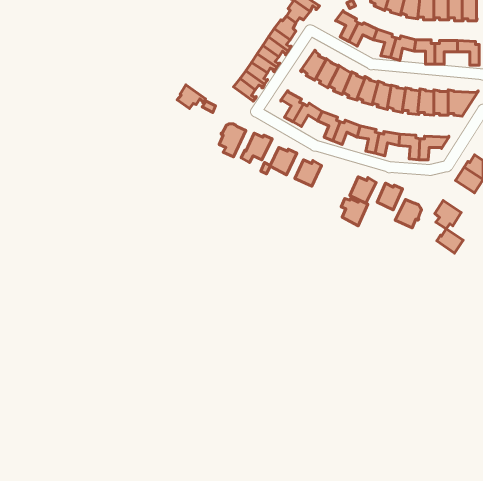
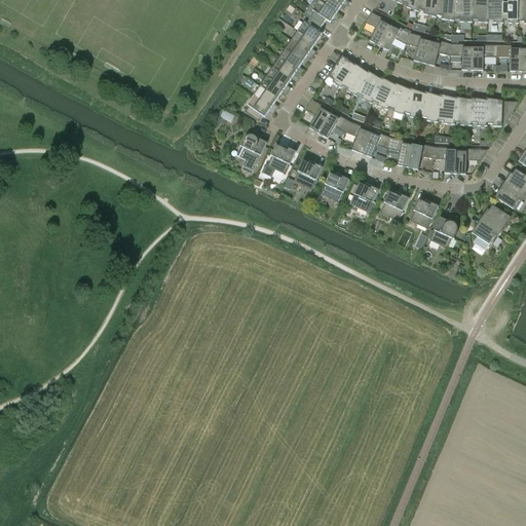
building: [177,85,206,108] -> [245,95,275,120]
building: [341,198,368,226] -> [349,183,378,213]
building: [437,229,463,253] -> [482,204,511,231]

